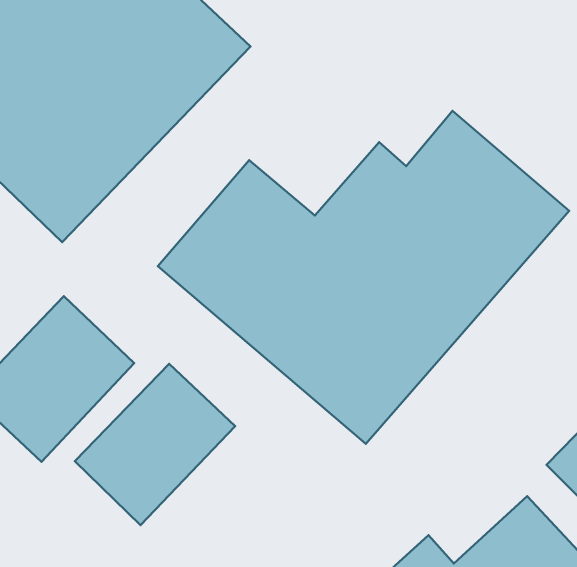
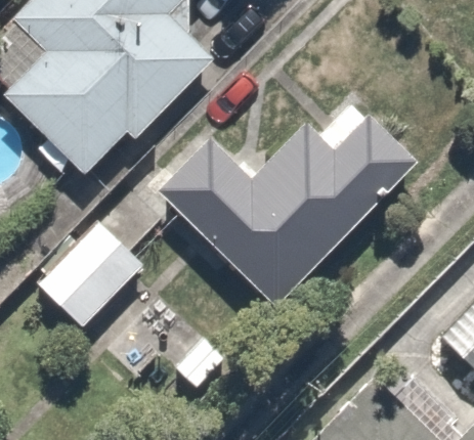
building: [75,364,235,525] -> none

